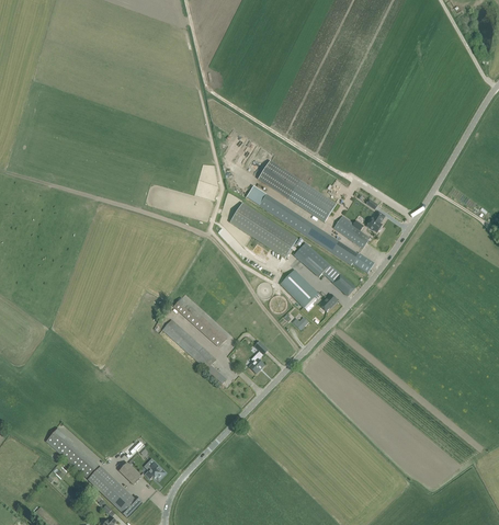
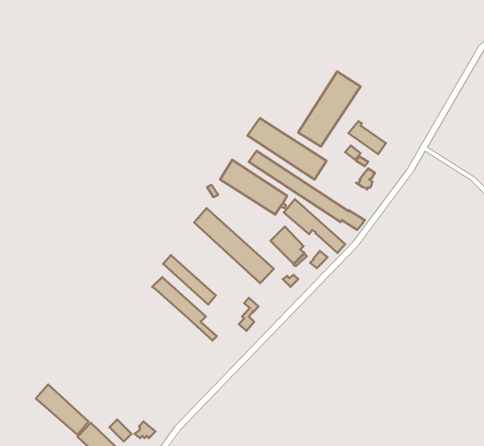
building: none -> [298,71,361,146]
building: [332,215,370,248] -> [349,121,386,154]
building: none -> [194,208,274,283]

